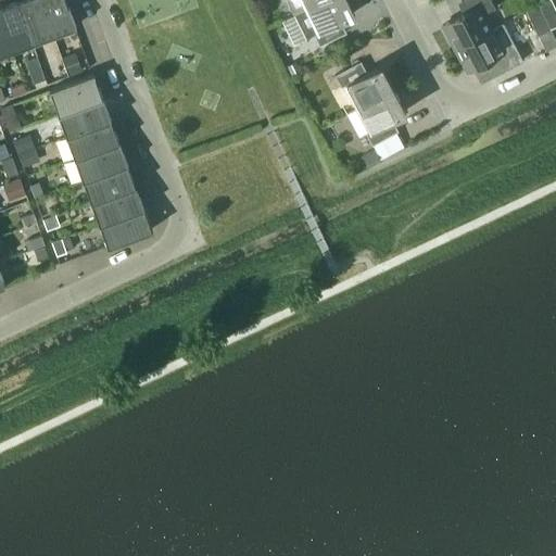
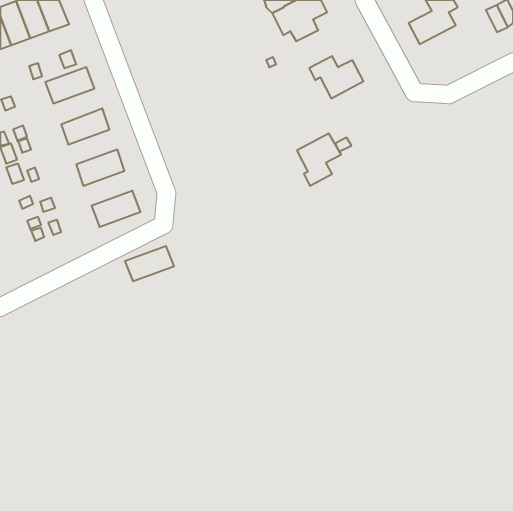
building: [454,29,505,72] -> none
building: [358,90,406,147] -> [297,134,341,186]
building: [58,98,111,137] -> none
building: [74,142,127,180] -> none
building: [90,187,143,225] -> [125,246,174,281]

